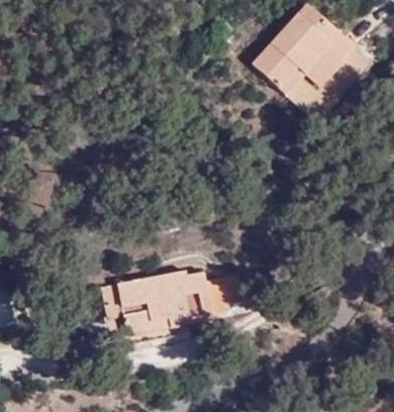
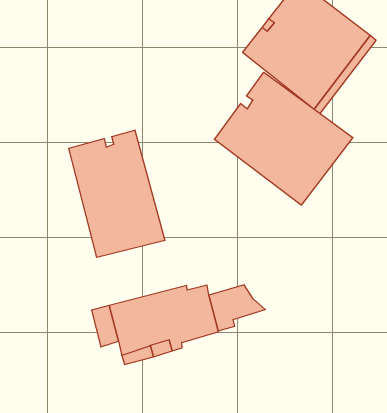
building: none -> [214,72,353,205]
building: none -> [69,130,165,257]

